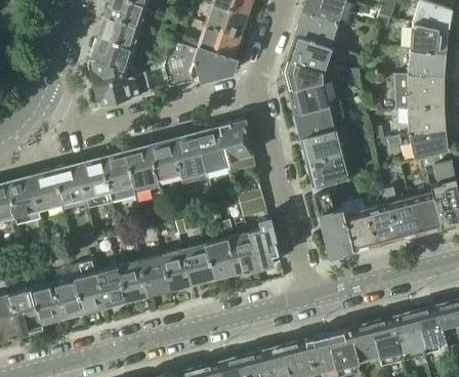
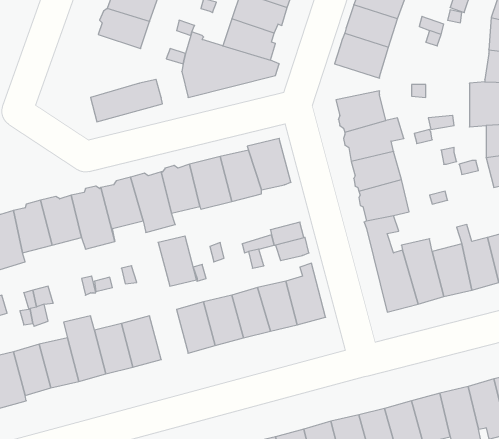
building: [88,37,137,87] -> none
building: [283,60,324,89] -> none
building: [140,256,171,296] -> [158,236,197,286]

